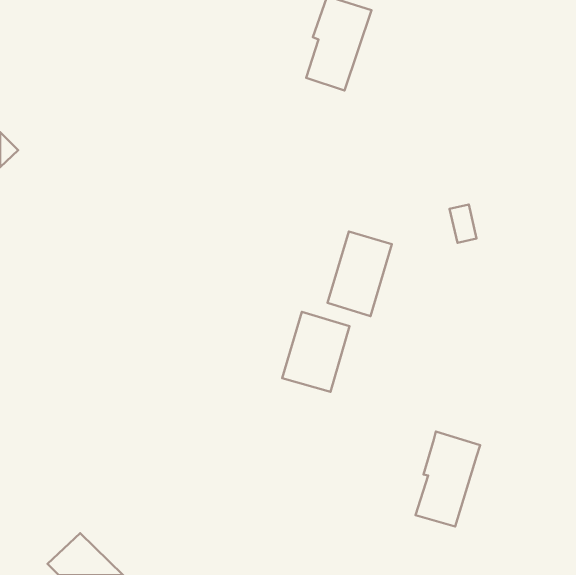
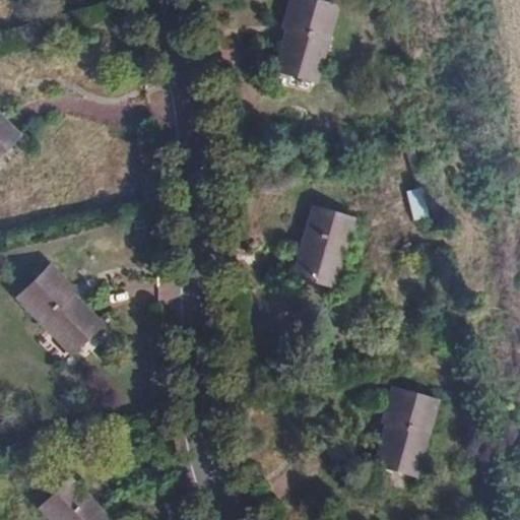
building: none -> [22,270,103,353]
building: [282,312,350,392] -> none

